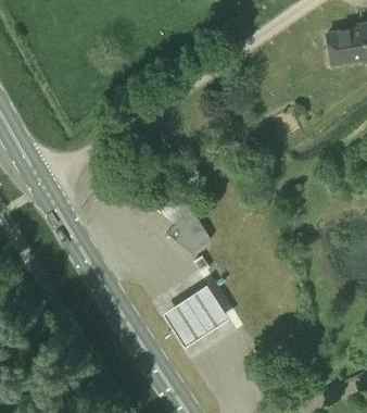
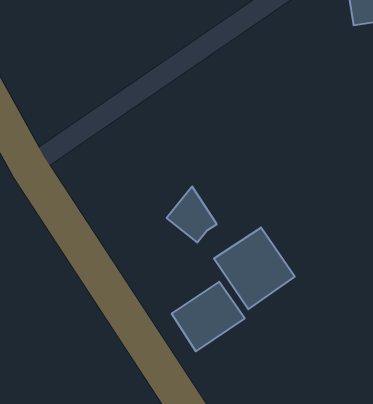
building: none -> [214,227,295,309]

